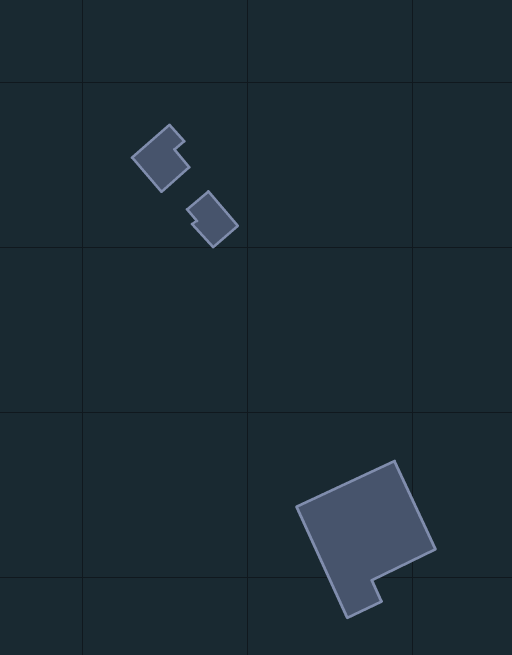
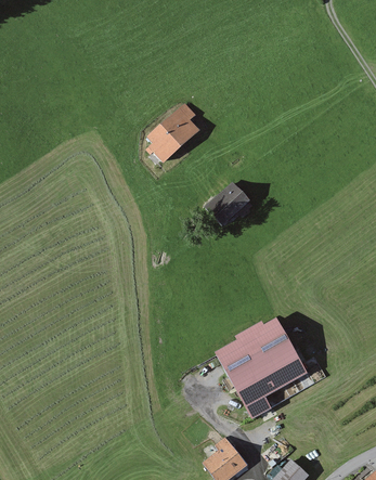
building: [132,125,189,192] -> [156,108,194,153]
building: none -> [209,183,251,224]

